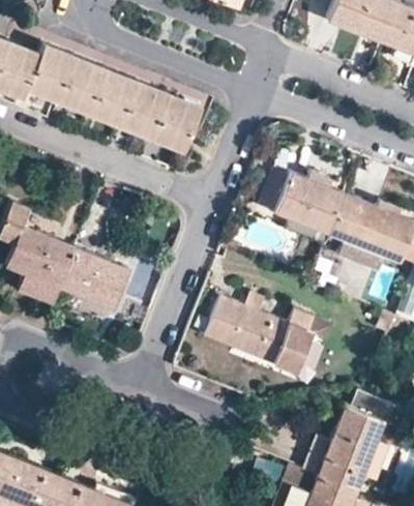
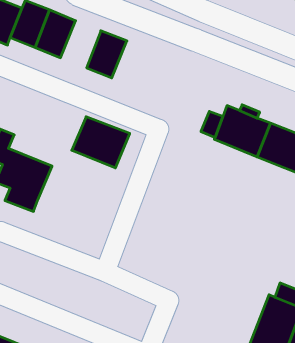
building: [88,68,138,126] -> none
building: [151,93,201,151] -> none
building: [60,247,131,310] -> [72,117,130,168]
building: [207,298,314,373] -> none

